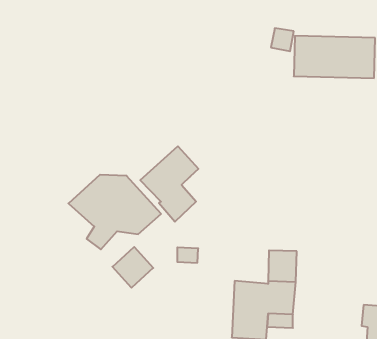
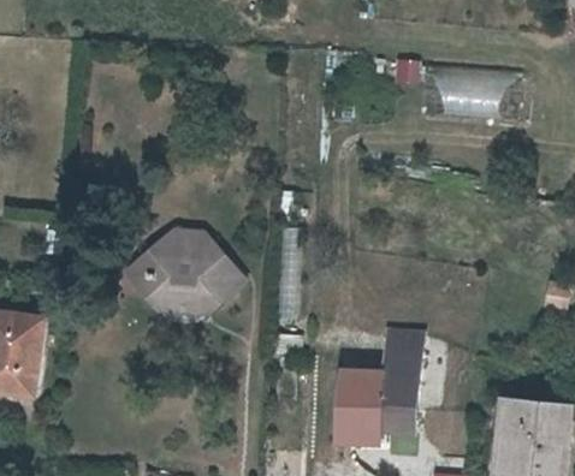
building: [140,146,198,222] -> none
building: [112,247,153,288] -> none

